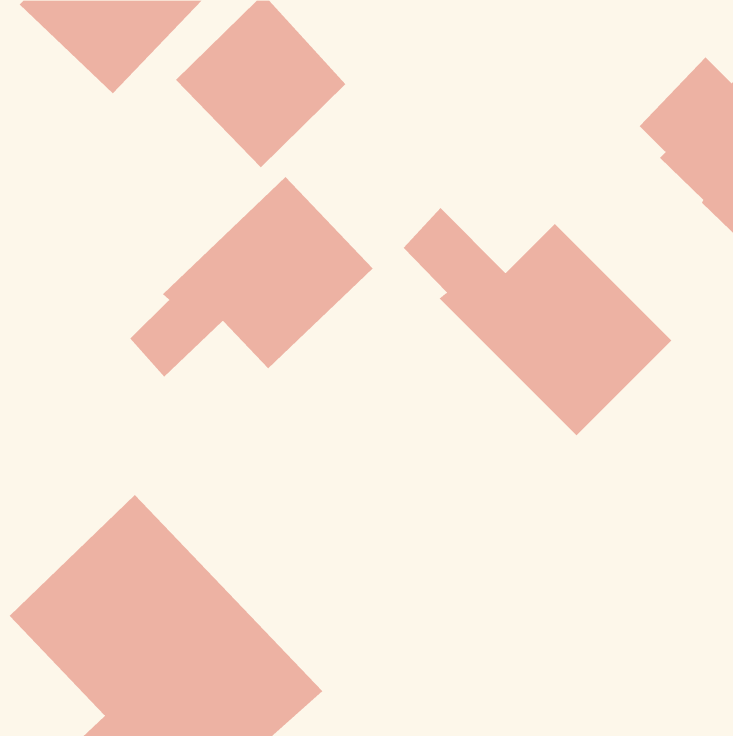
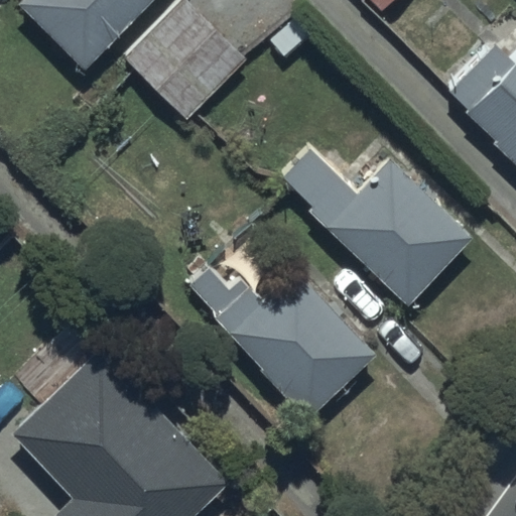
building: [130,176,374,377] -> none
building: none -> [189,237,377,419]

